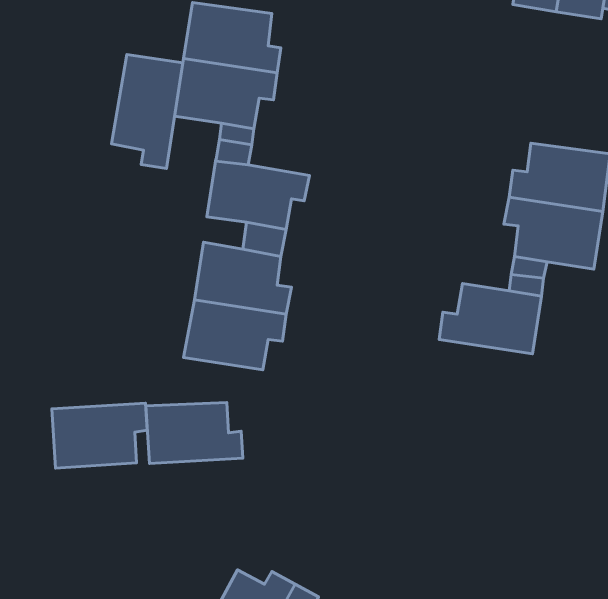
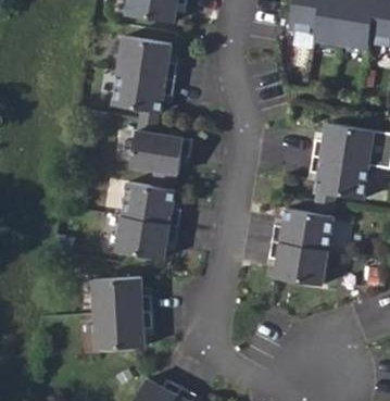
building: [112,55,183,169] -> none
building: none -> [267,241,326,284]
building: [52,403,147,468] -> [95,313,152,352]

